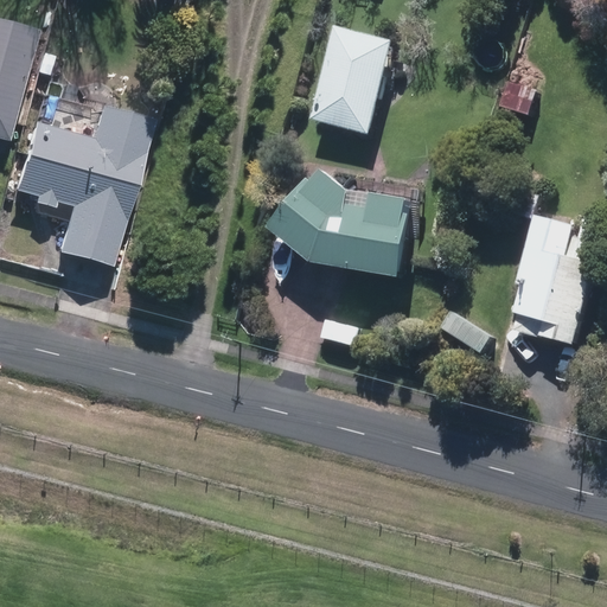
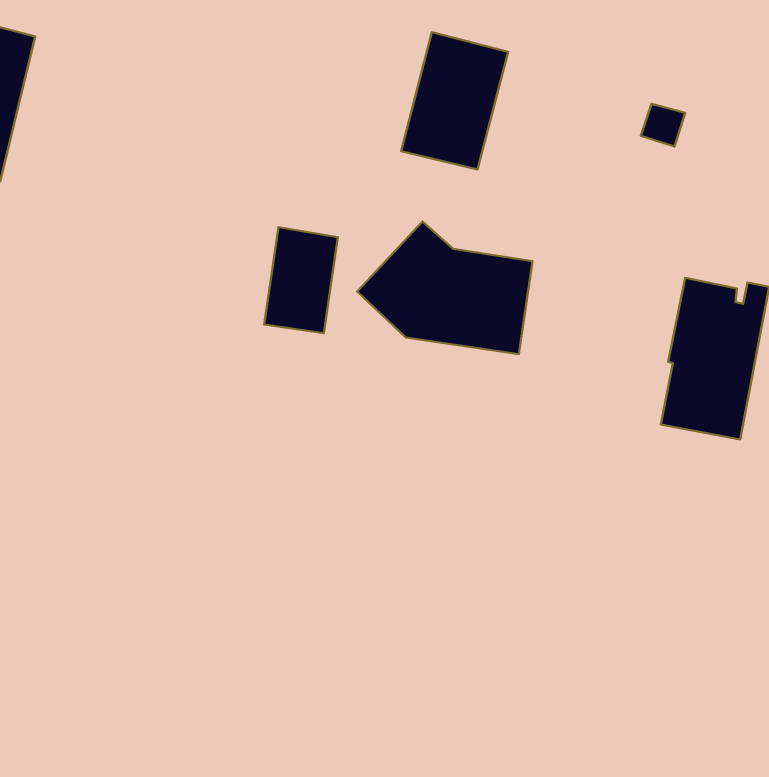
building: [6,103,143,264] -> none
building: none -> [264,227,338,333]

